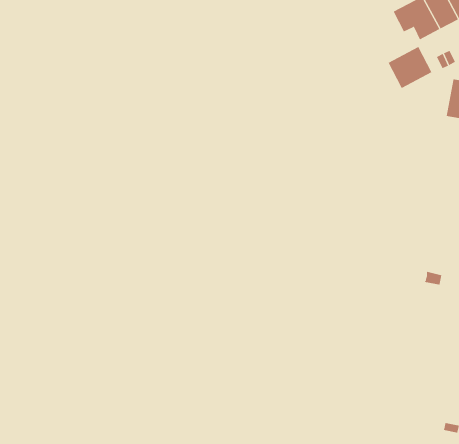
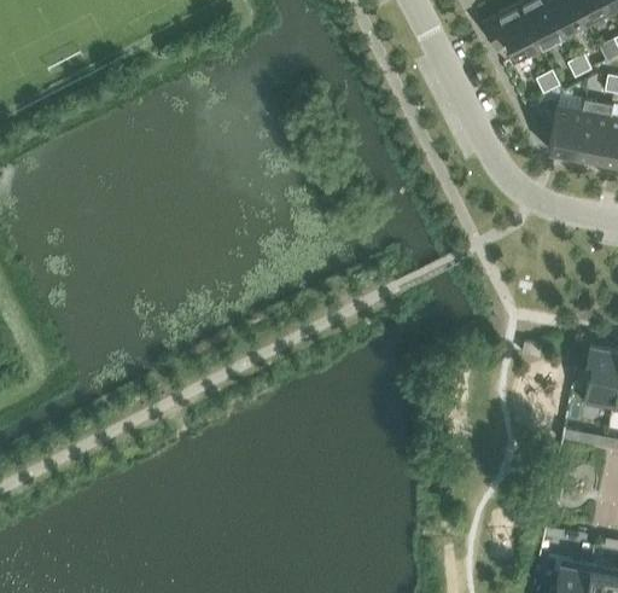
building: [388,46,432,89] -> none

